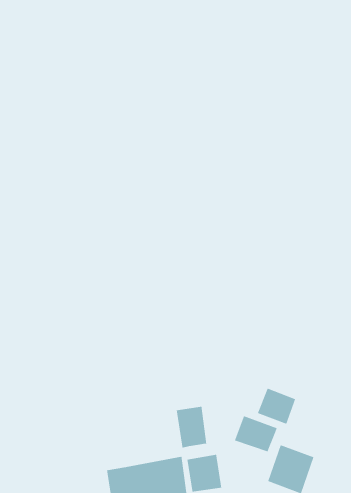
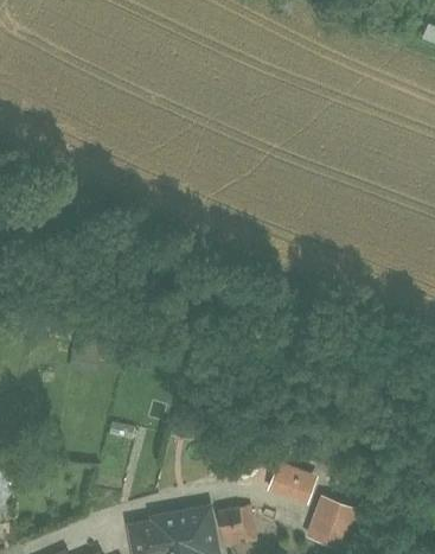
building: [257,388,296,425] -> none
building: [176,406,207,448] -> none

